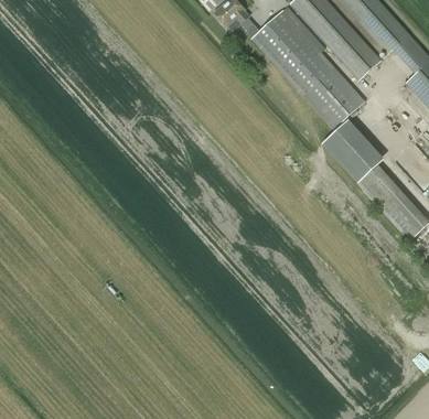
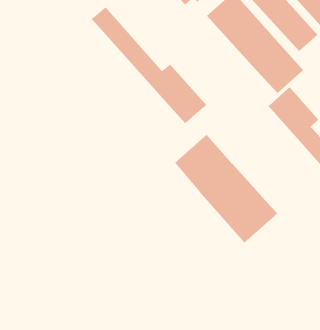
building: none -> [91,6,207,124]
building: none -> [174,134,278,244]

